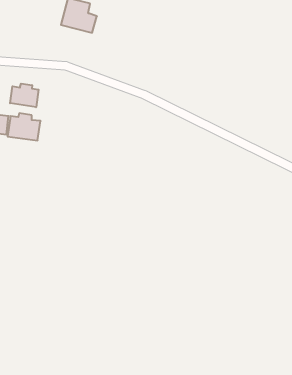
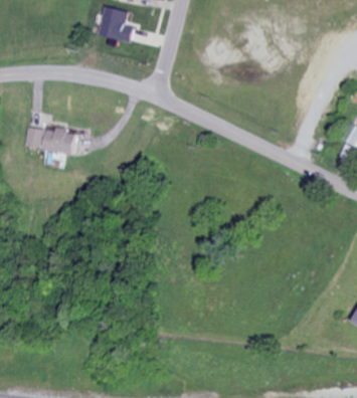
building: [10,84,39,107] -> none

